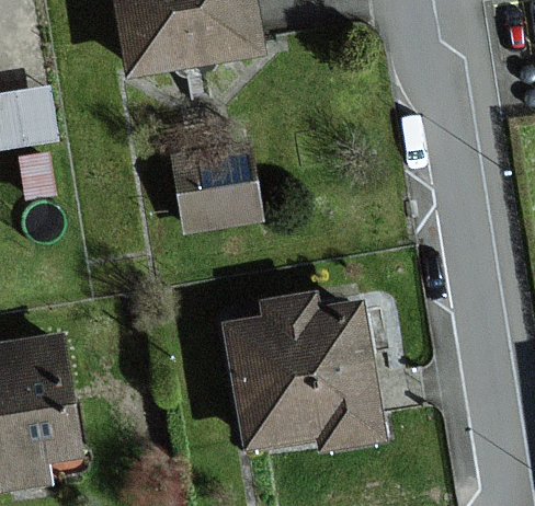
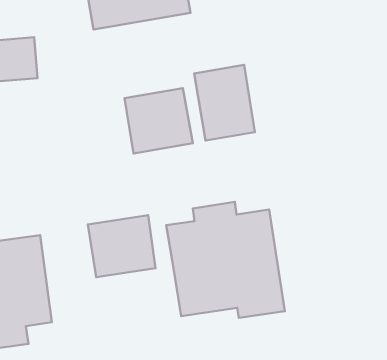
building: none -> [194,65,255,140]
building: none -> [88,215,156,277]

